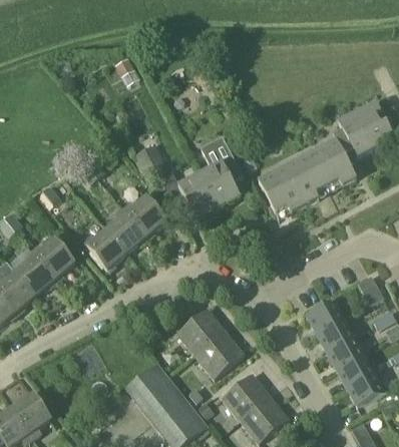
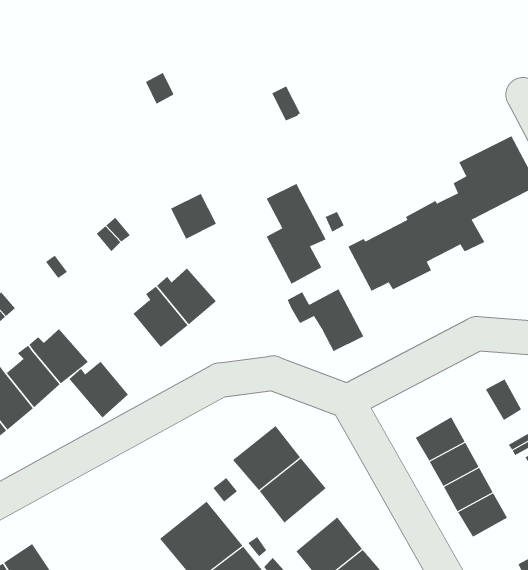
building: [162,173,218,218] -> [287,289,364,352]
building: [81,229,124,270] -> [68,361,129,419]
building: [347,374,382,406] -> none

